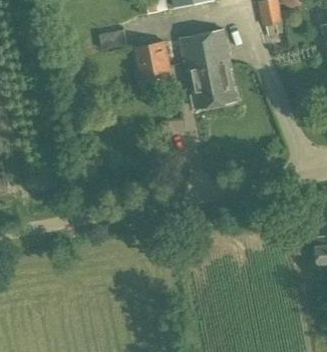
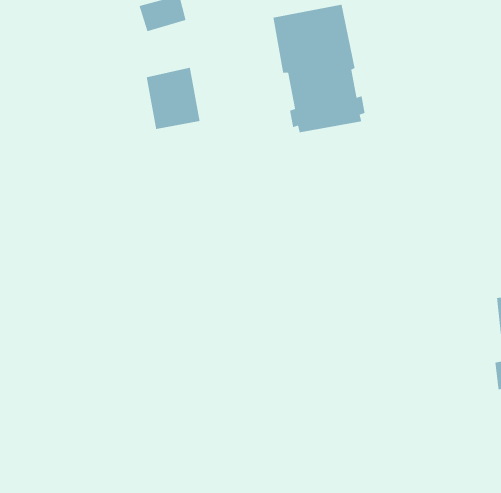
building: [136,43,170,81] -> [146,67,200,130]

